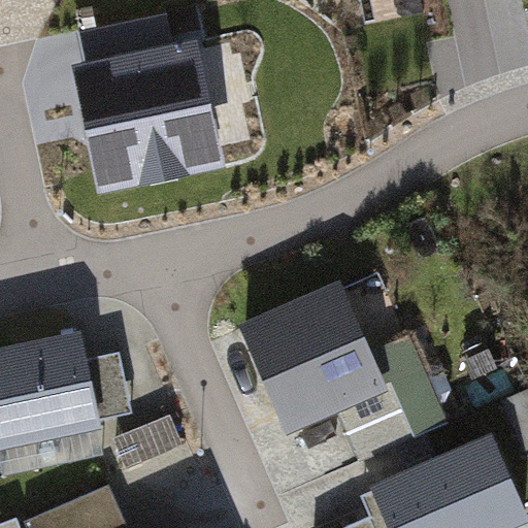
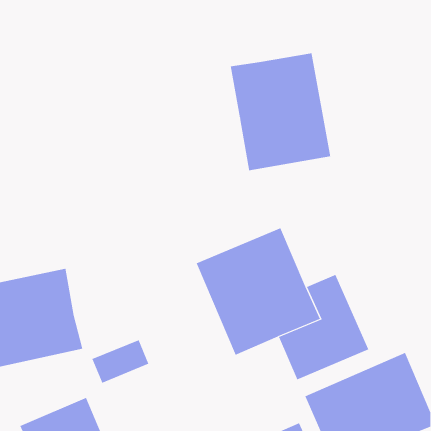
building: [78,19,229,205] -> none
building: none -> [230,53,331,171]

